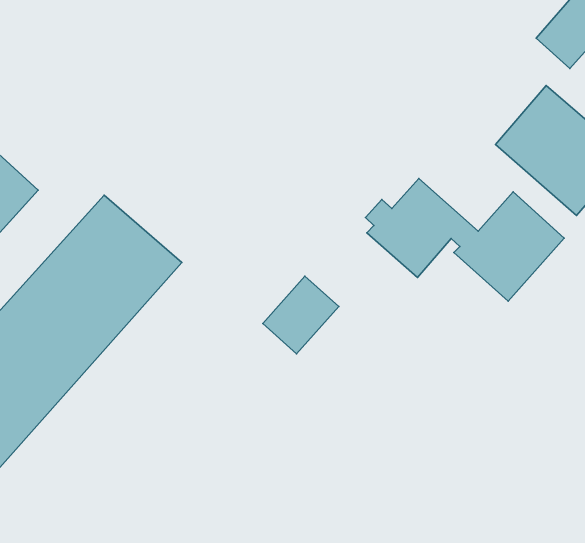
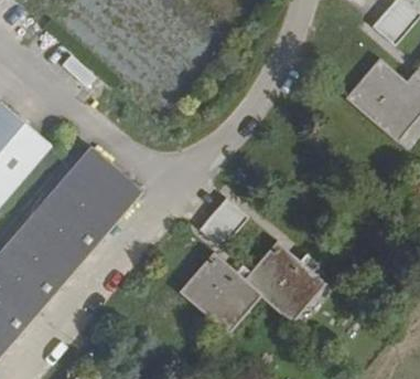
building: [365,179,564,301] -> none
building: none -> [177,243,323,333]

